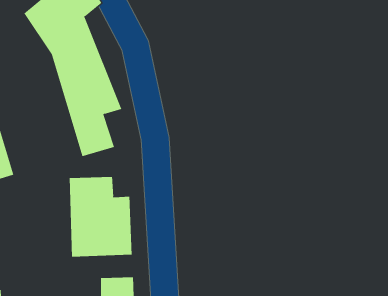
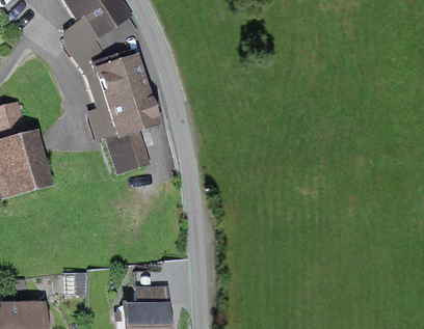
building: [69,176,132,257] -> none

